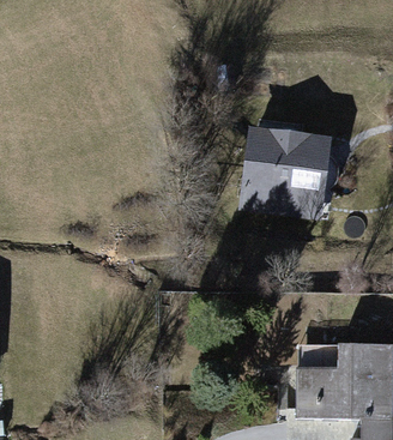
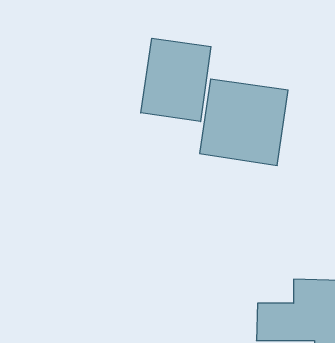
building: none -> [141,38,211,122]

